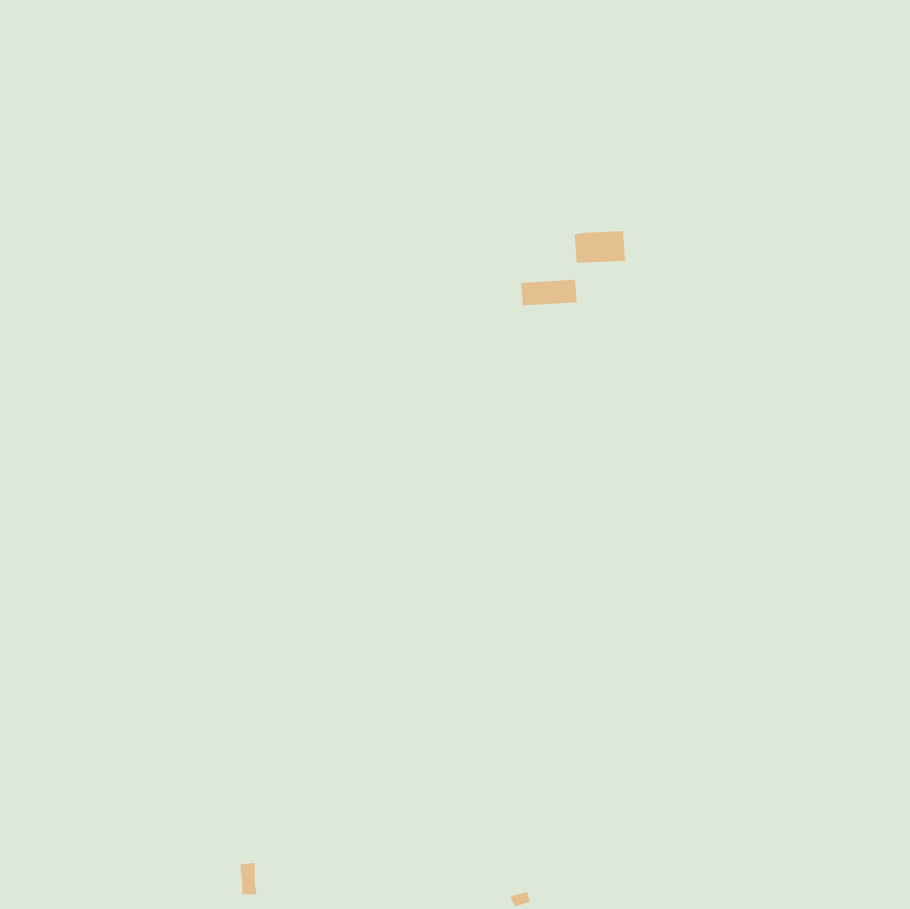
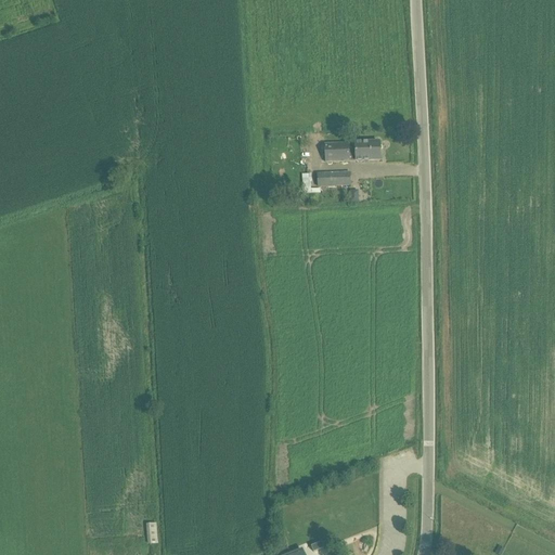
building: none -> [324,142,349,160]

